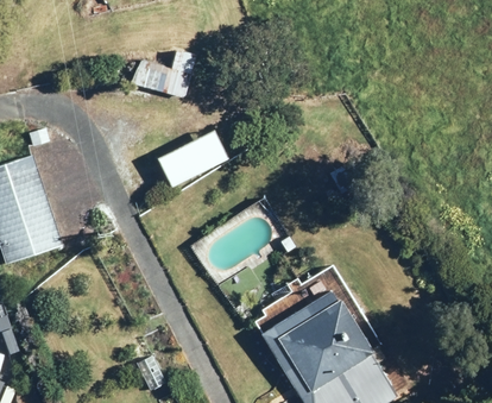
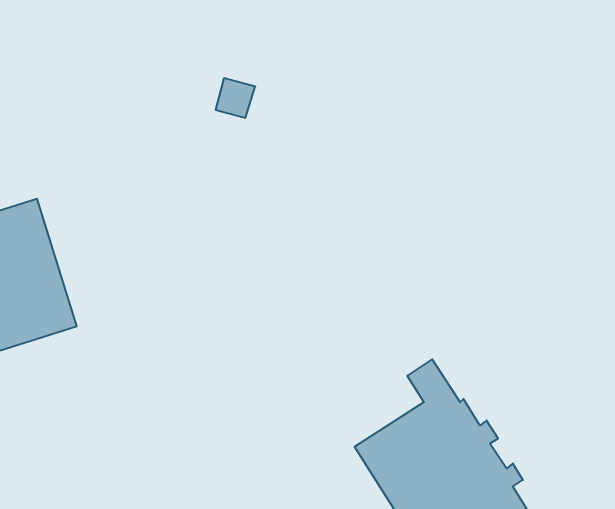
building: [156,130,227,188] -> none

